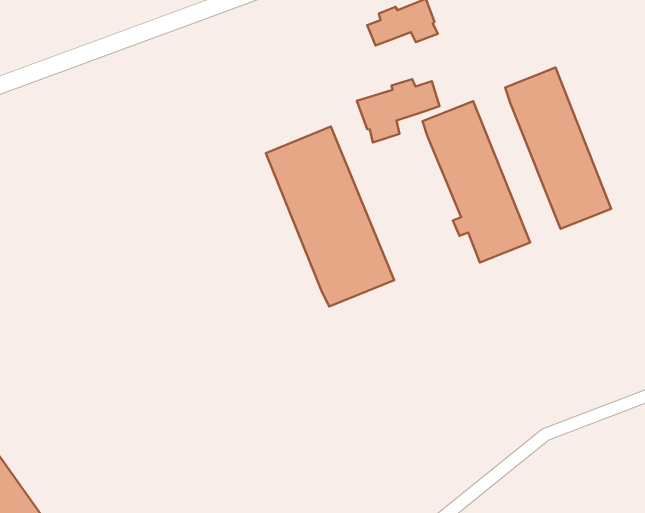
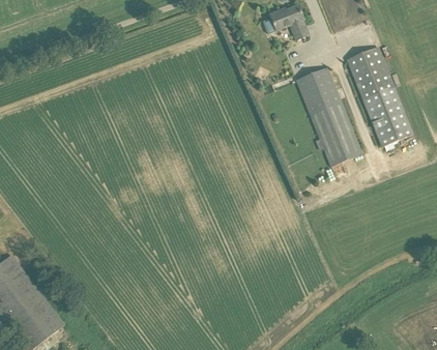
building: [357,79,439,143] -> none
building: [266,127,394,306] -> none

